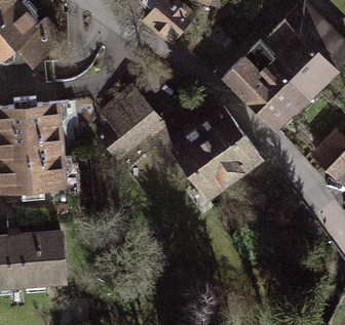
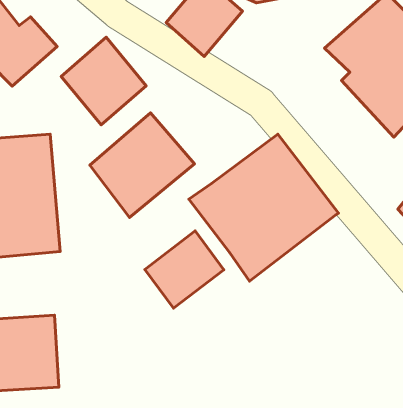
building: none -> [61,37,146,125]
building: [222,40,307,133] -> none
building: none -> [145,231,224,308]

